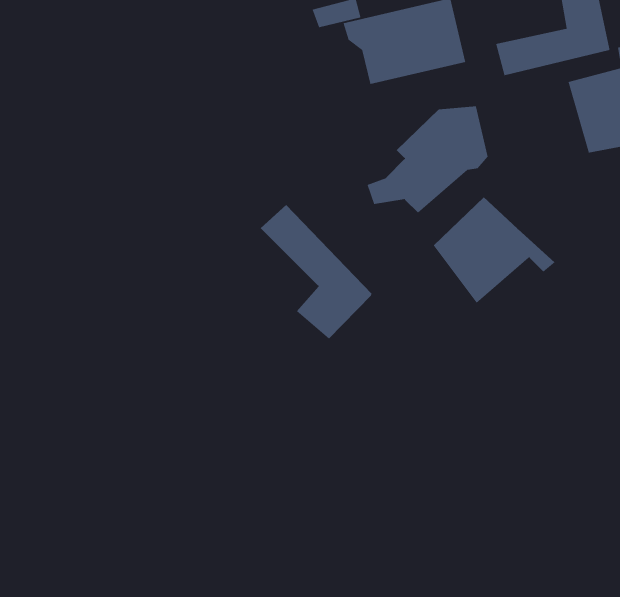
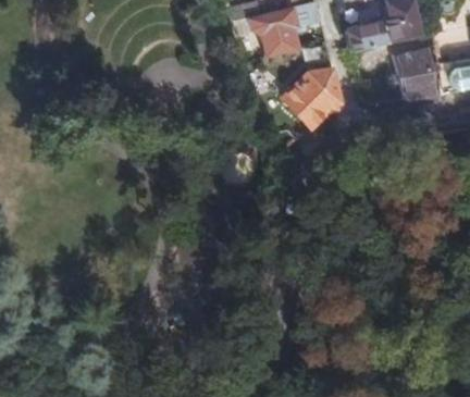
building: [433,196,556,304] -> none
building: [260,204,373,339] -> none

